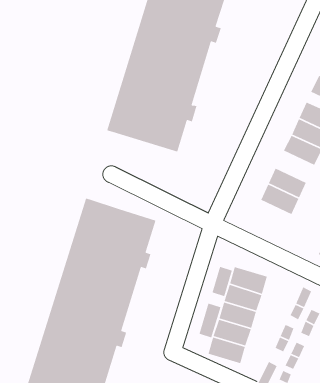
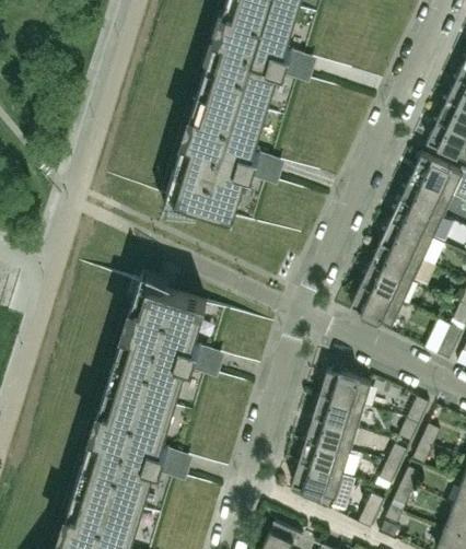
building: none -> [381,219,432,260]
building: none -> [351,283,403,325]
building: [211,266,233,297] -> none
building: [198,303,221,339] -> none

